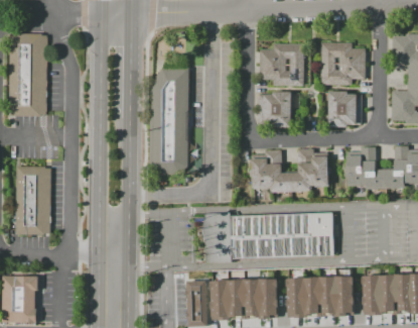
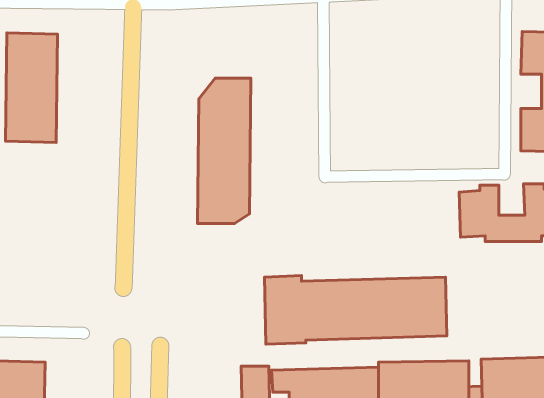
building: [319,41,365,84] -> none
building: [258,42,303,85] -> none
building: [260,91,291,126] -> none
building: [328,91,361,125] -> none
building: [250,148,327,191] -> none
building: [15,166,49,234] -> none

